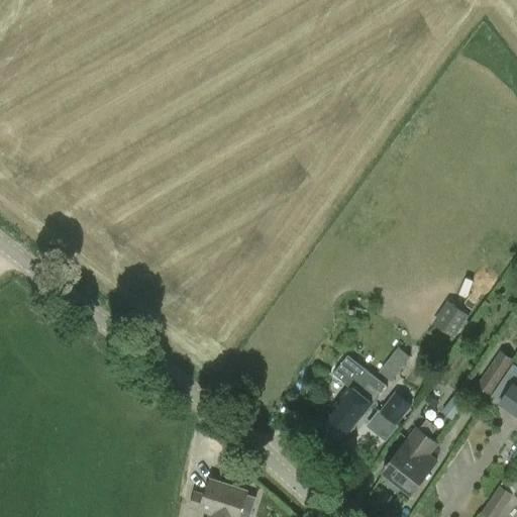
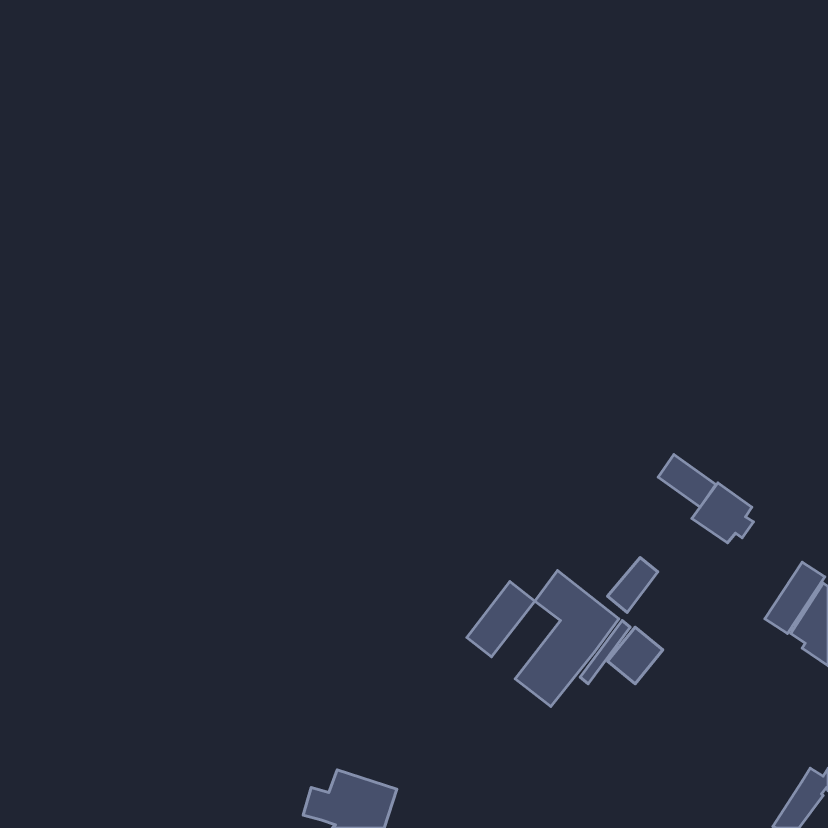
building: none -> [658,455,716,507]
building: none -> [467,581,535,657]
building: [384,419,438,494] -> none

